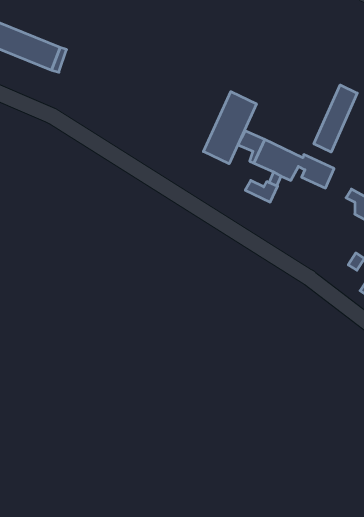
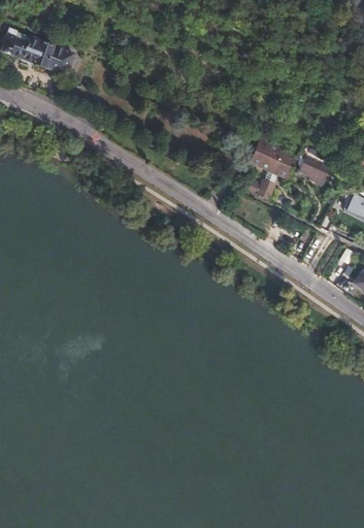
building: [314,85,357,152] -> none
building: [203,92,256,164] -> none

